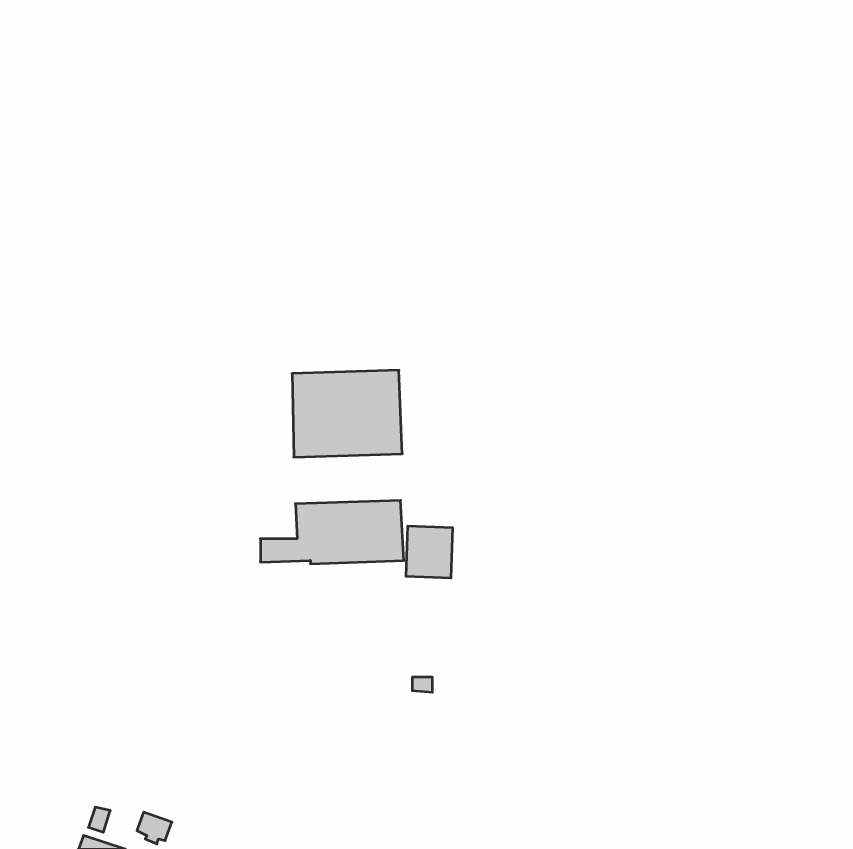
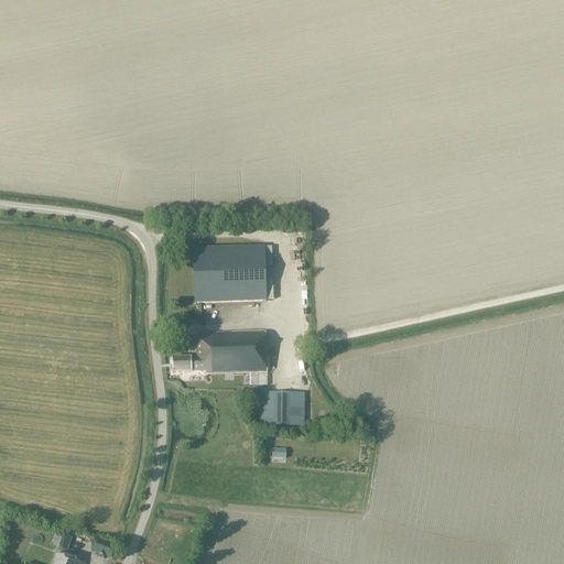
building: [406,526,453,578] -> [272,391,303,425]

